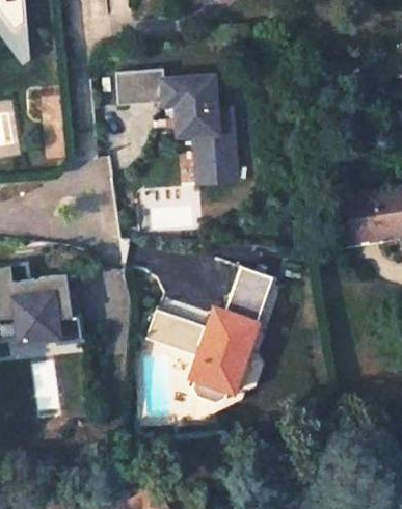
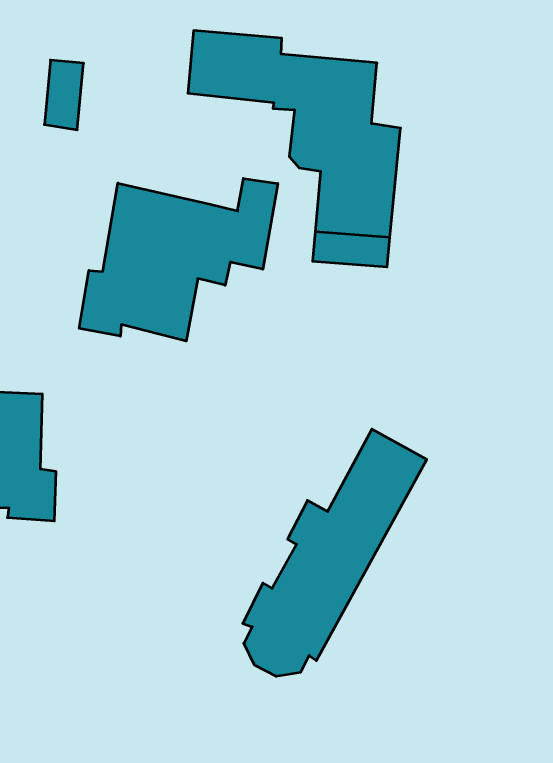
building: none -> [79,178,278,341]
building: [146,307,212,357] -> none

